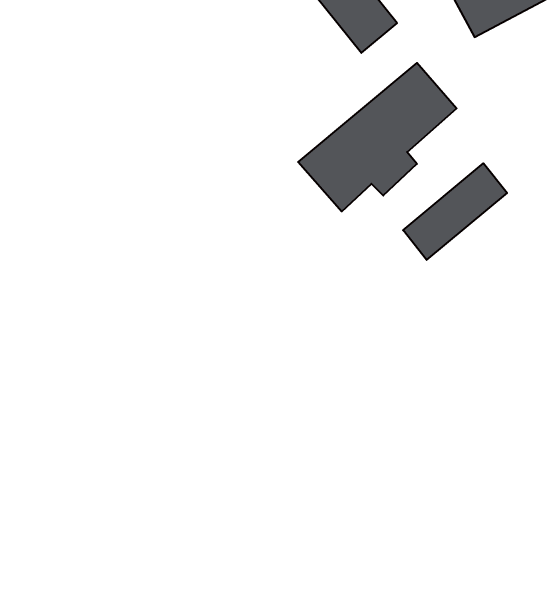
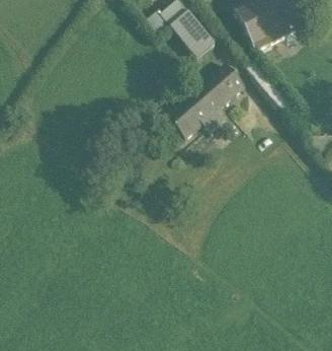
building: [403,163,507,260] -> none

